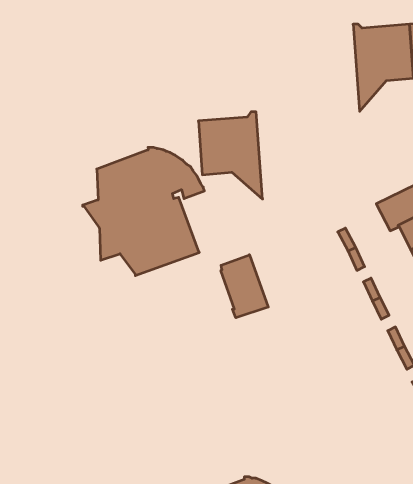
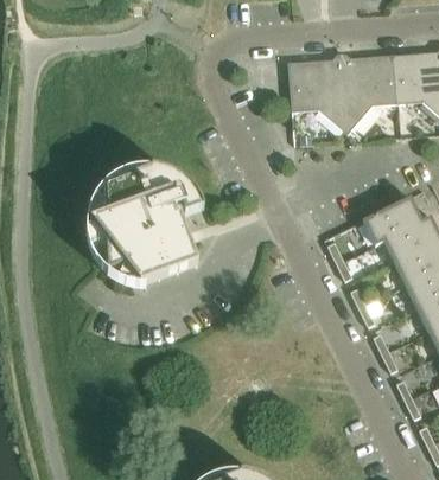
building: [198,112,263,199] -> [287,55,346,135]
building: [221,255,268,318] -> none

